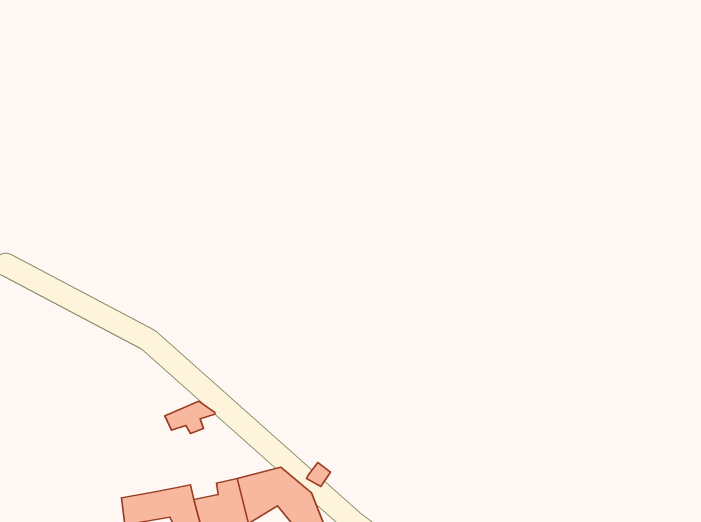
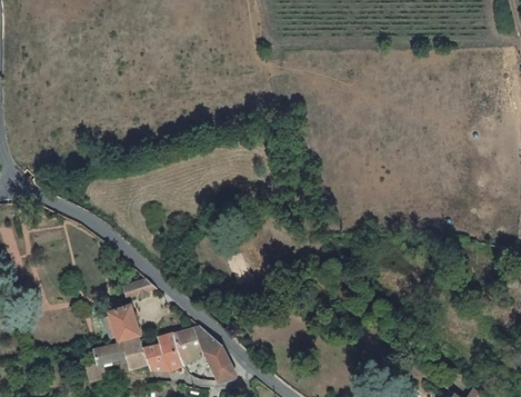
building: none -> [109,308,137,341]

